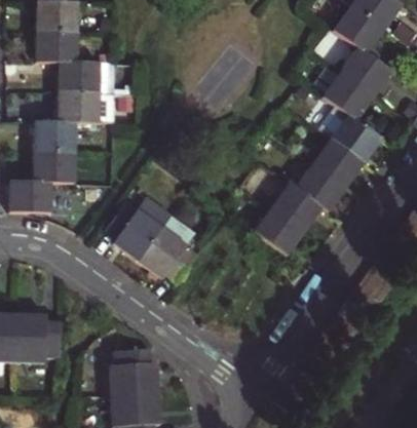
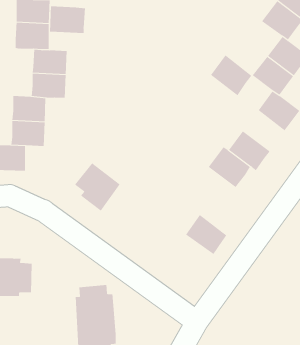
building: none -> [50,5,85,34]
building: [313,137,365,187] -> [210,55,252,96]
building: [254,205,305,255] -> [185,214,227,255]
building: [142,227,200,280] -> none

